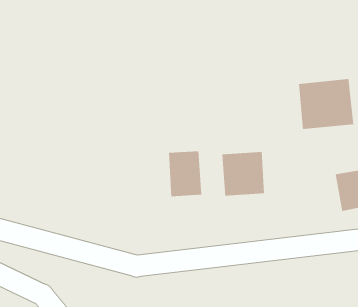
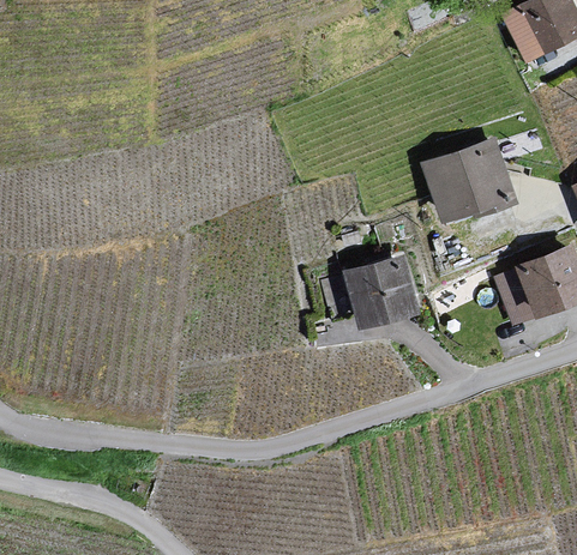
building: [168,150,202,197] -> none

